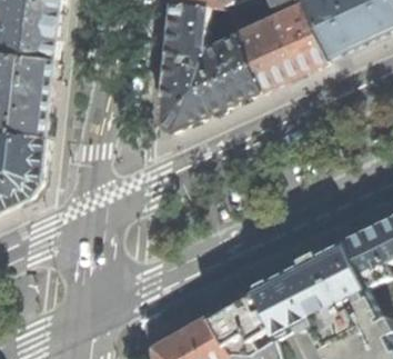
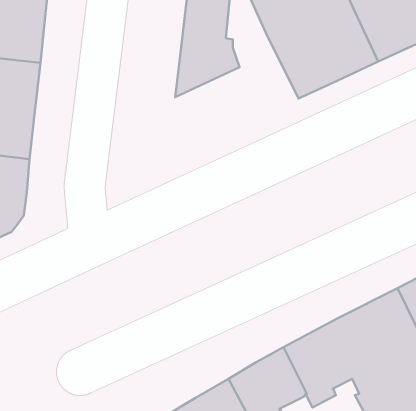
building: [157,36,261,132] -> none

